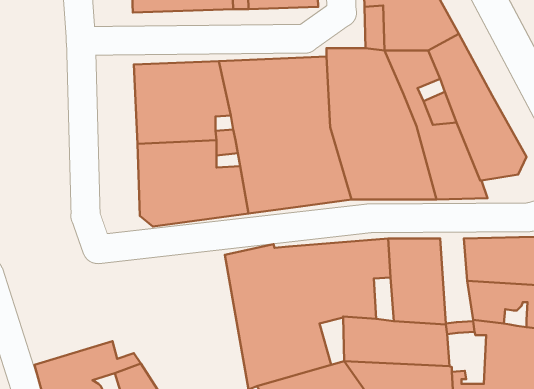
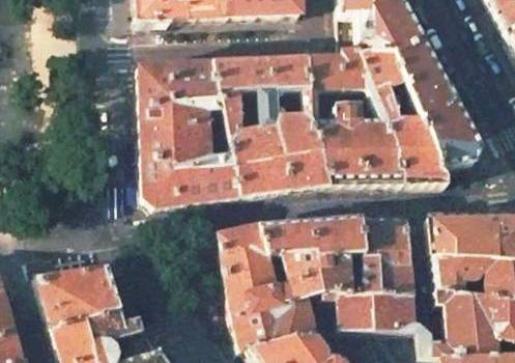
building: none -> [37,263,121,328]

